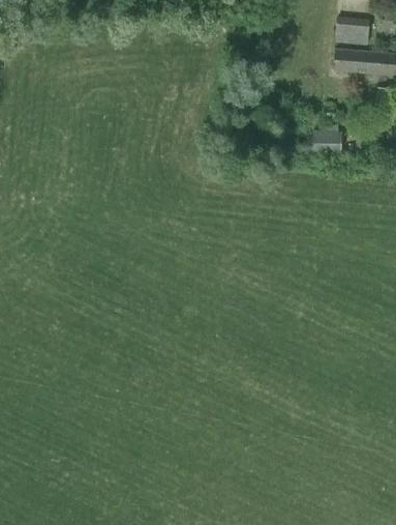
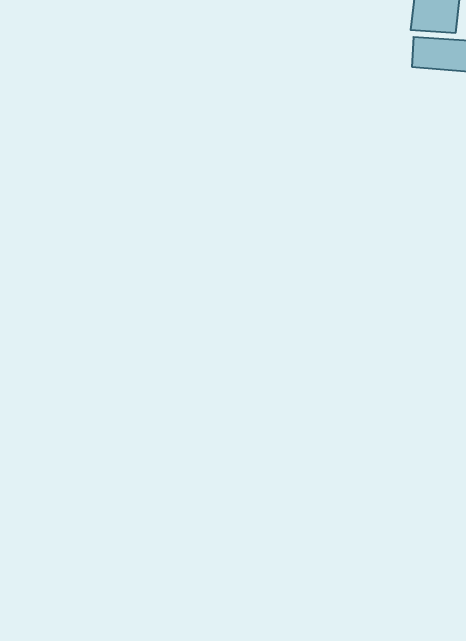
building: [303,124,341,155] -> none

